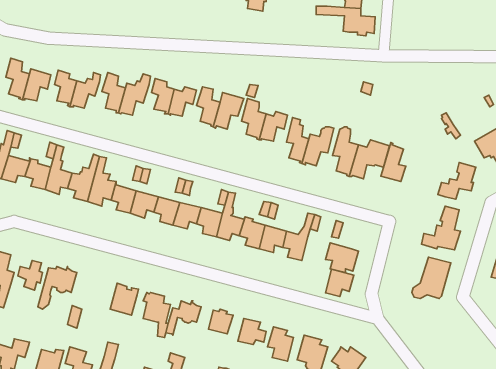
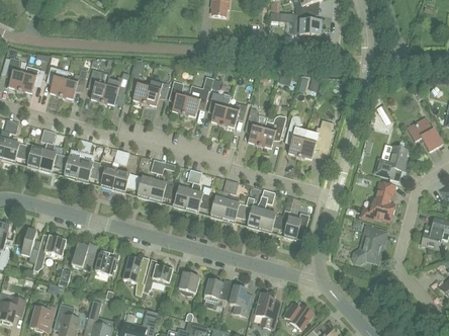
building: [381,142,406,181] -> none
building: [326,269,354,296] -> [259,208,283,232]
building: none -> [71,242,95,270]

